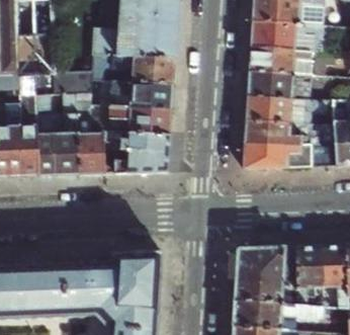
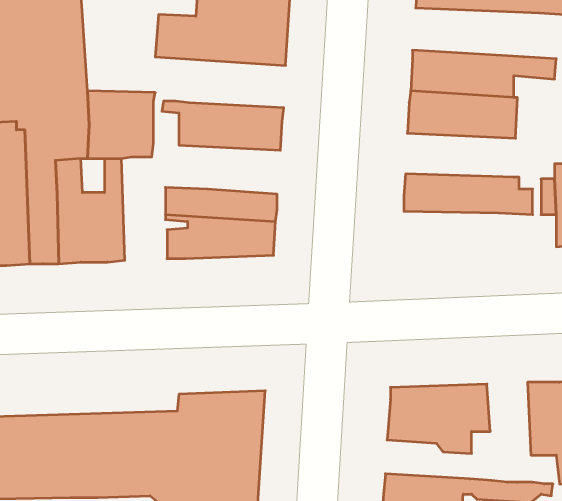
building: [249,22,325,52] -> none
building: [94,52,173,82] -> none
building: [245,97,334,123] -> none
building: [108,104,170,134] -> none
building: [75,111,102,173] -> none
building: [243,144,317,168] -> none
building: [293,246,320,306] -> none
building: [233,280,284,304] -> none

